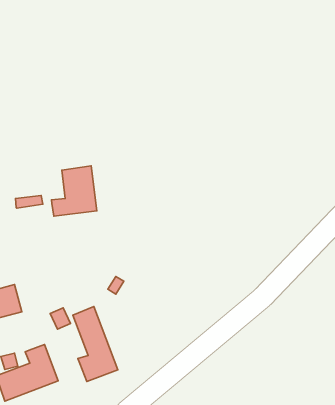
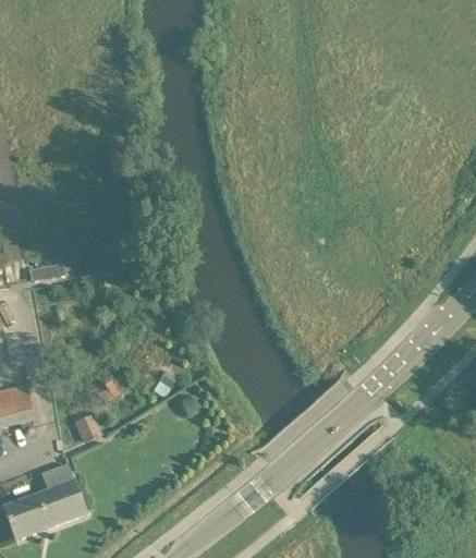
building: [52,166,97,216] -> none
building: [73,307,118,381] -> none

